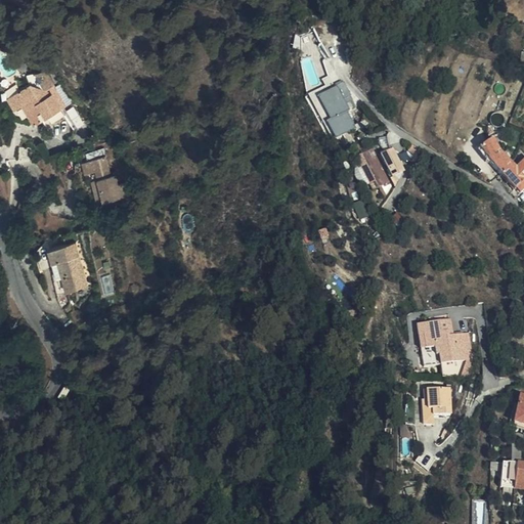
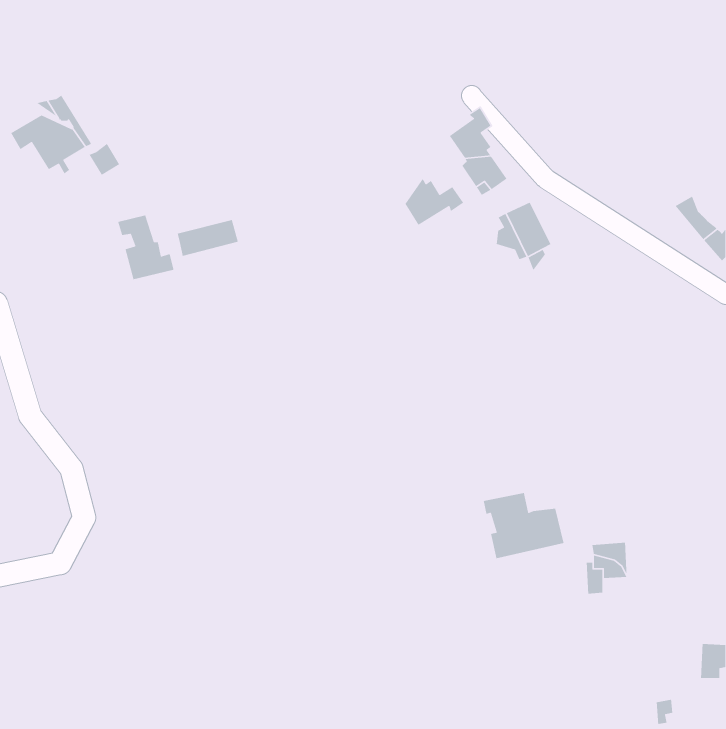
building: none -> [405,177,464,226]
building: none -> [177,219,239,257]
building: [52,246,91,295] -> none
building: [416,319,474,367] -> [483,492,564,559]

